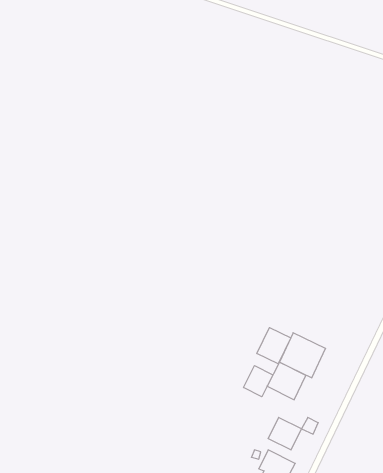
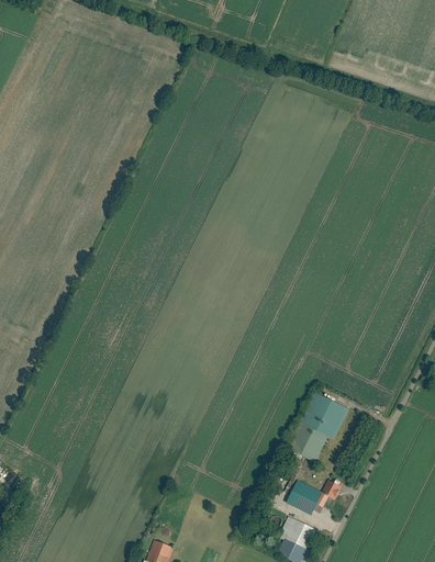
building: [257,328,291,364] -> none
building: [244,366,273,397] -> none

